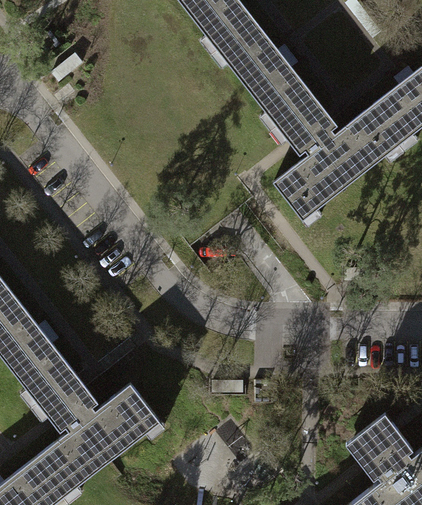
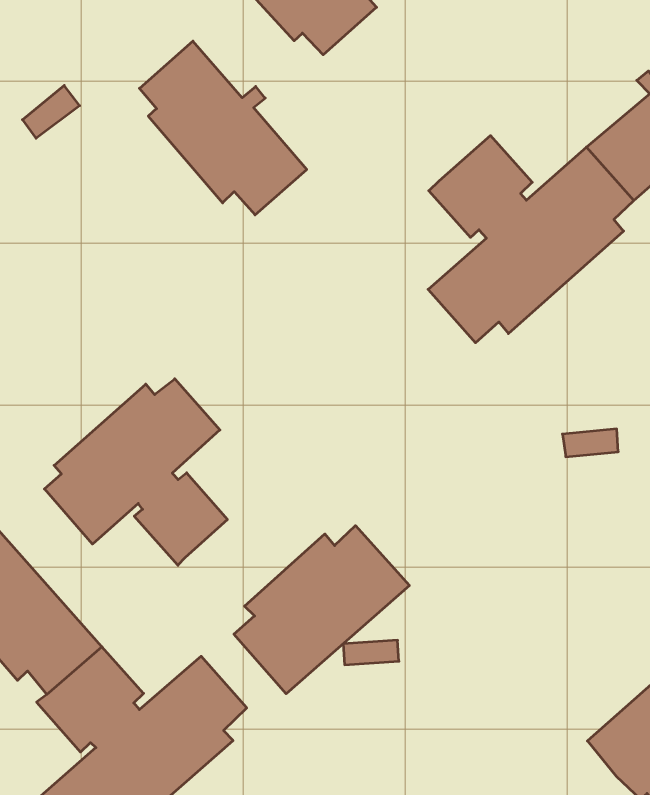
building: [222,21,314,122] -> [139,41,307,215]
building: none -> [44,379,227,565]
building: none -> [234,526,409,694]

